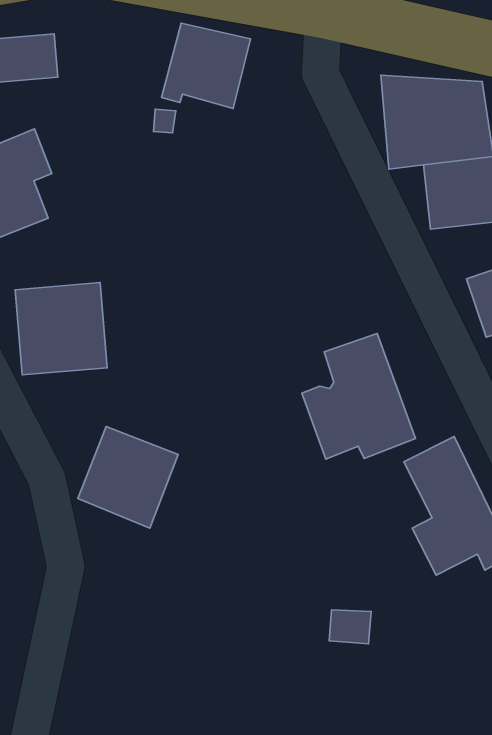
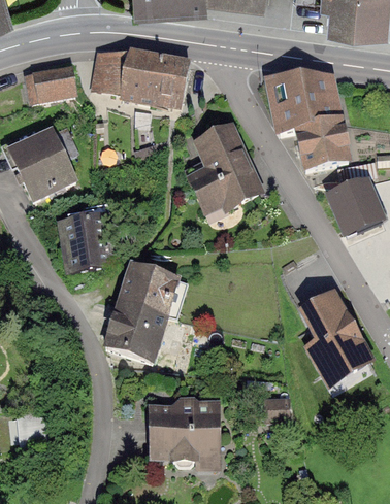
building: none -> [91,51,145,101]
building: [302,334,416,459] -> [187,130,257,207]
building: none -> [120,266,186,315]
building: none -> [151,400,217,473]

